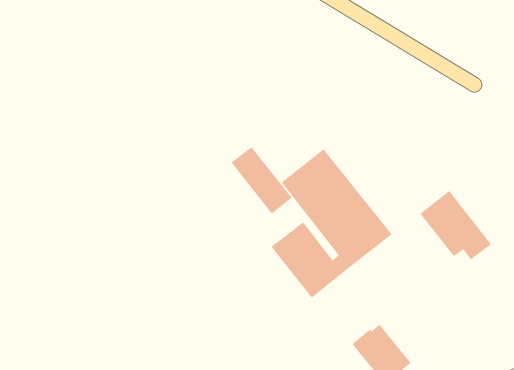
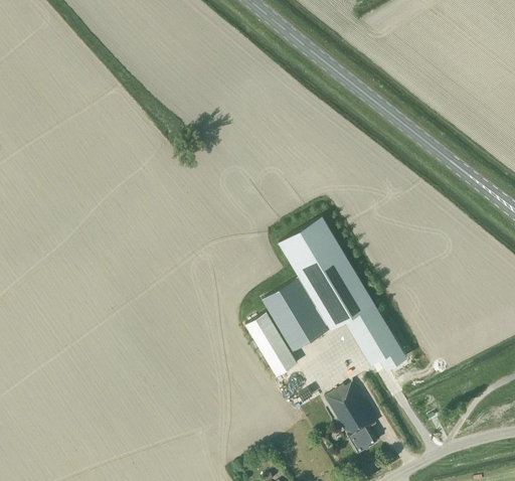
building: [231,147,293,214] -> [245,313,298,377]
building: [419,190,492,260] -> [345,303,407,369]

